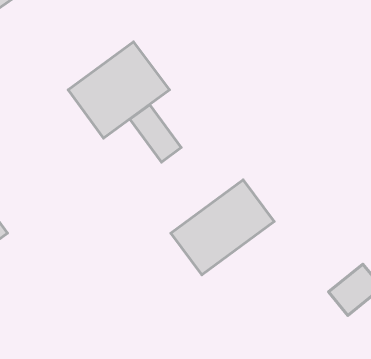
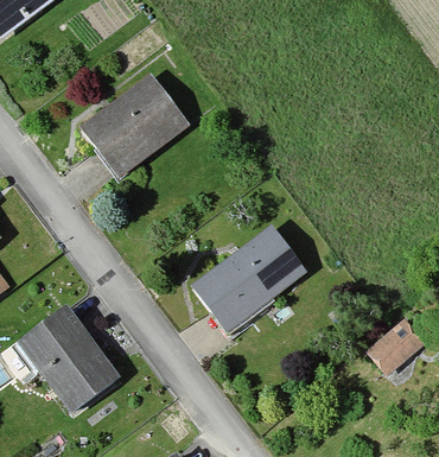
building: [130,105,181,162] -> none
building: none -> [17,305,119,414]

